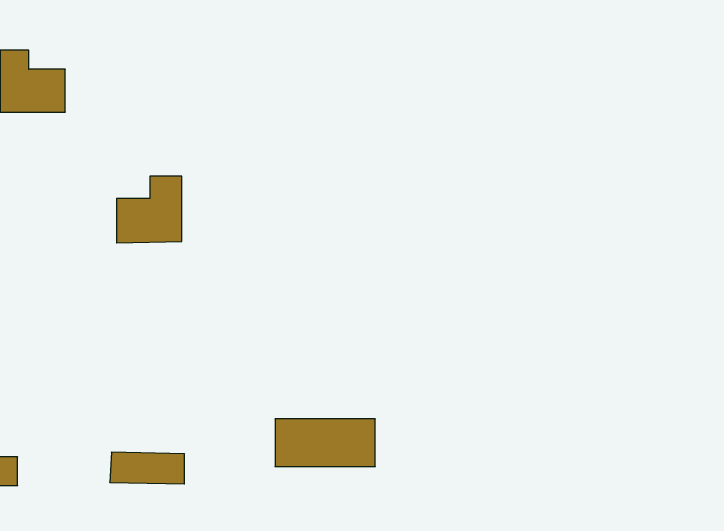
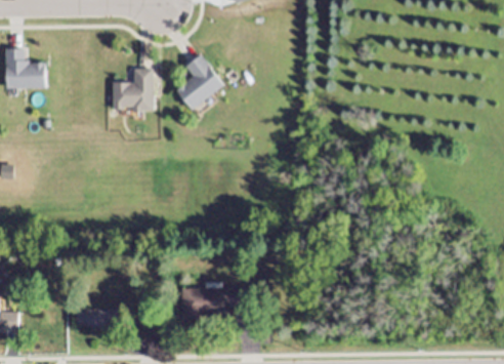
building: none -> [178,53,225,109]
building: [117,176,182,243] -> [112,68,154,111]

